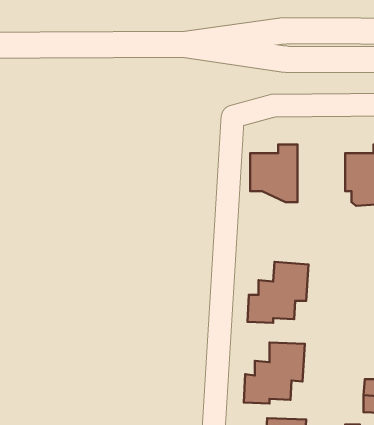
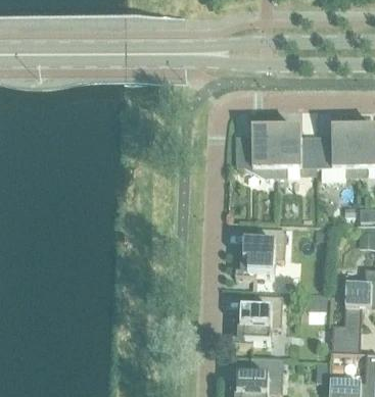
building: none -> [276,127,316,175]

